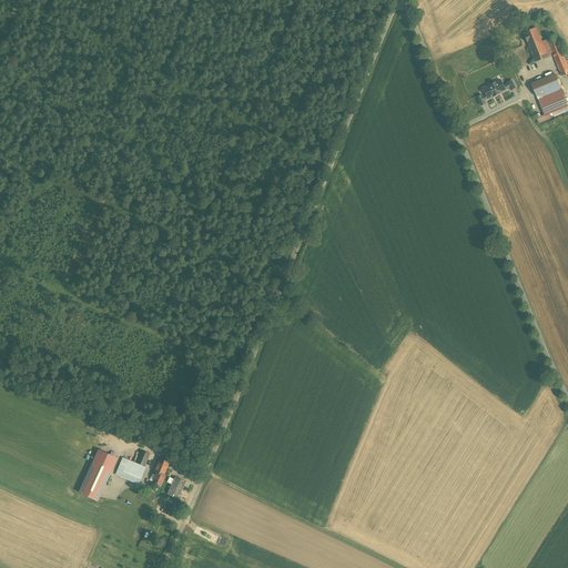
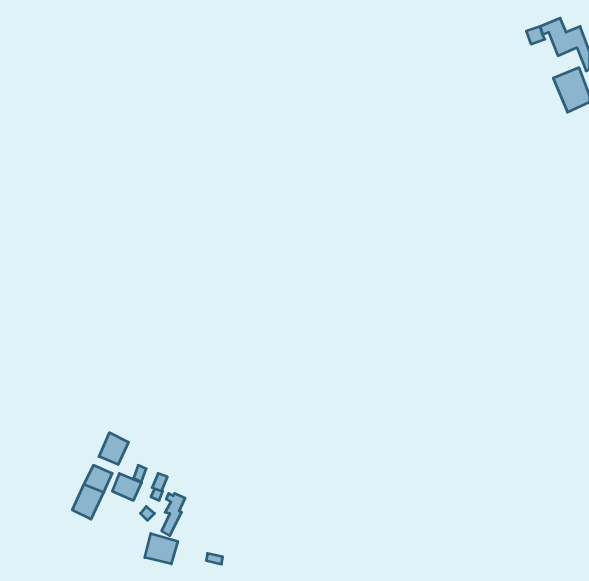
building: none -> [99,433,128,465]
building: none -> [145,533,178,564]

